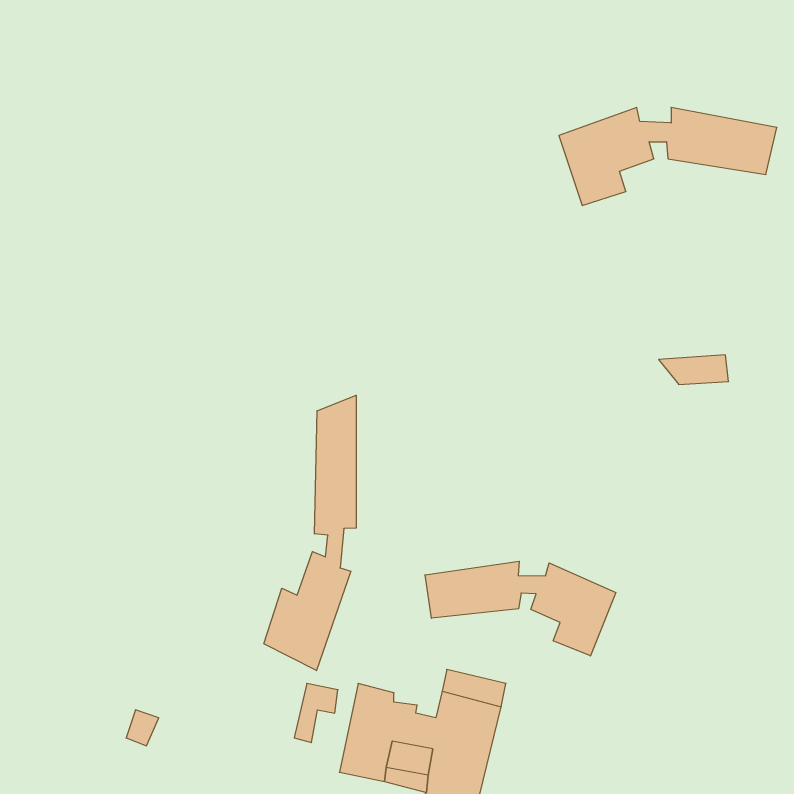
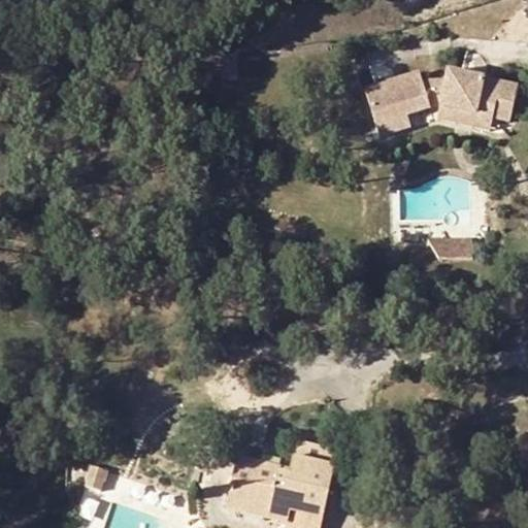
building: [264,395,356,671] -> none
building: [425,561,616,656] -> none

